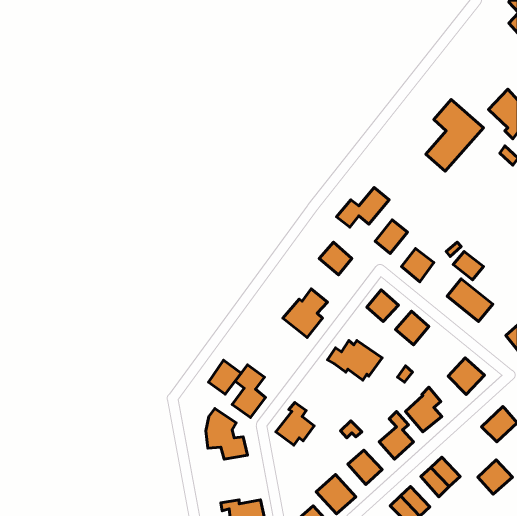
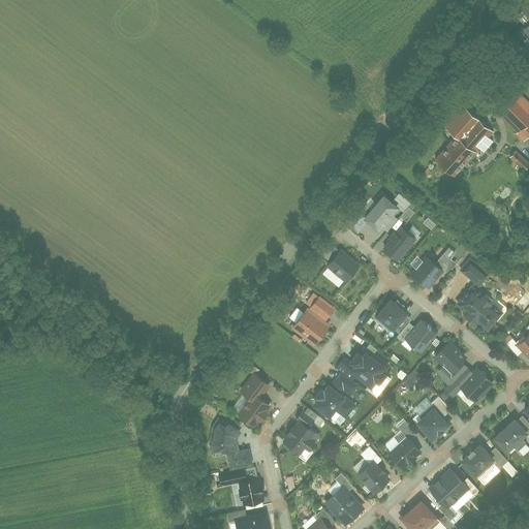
building: none -> [432,340,467,386]
building: [208,360,241,394] -> none
building: none -> [311,373,360,419]
building: [478,460,512,494] -> [460,441,495,476]
building: none -> [219,471,263,505]

